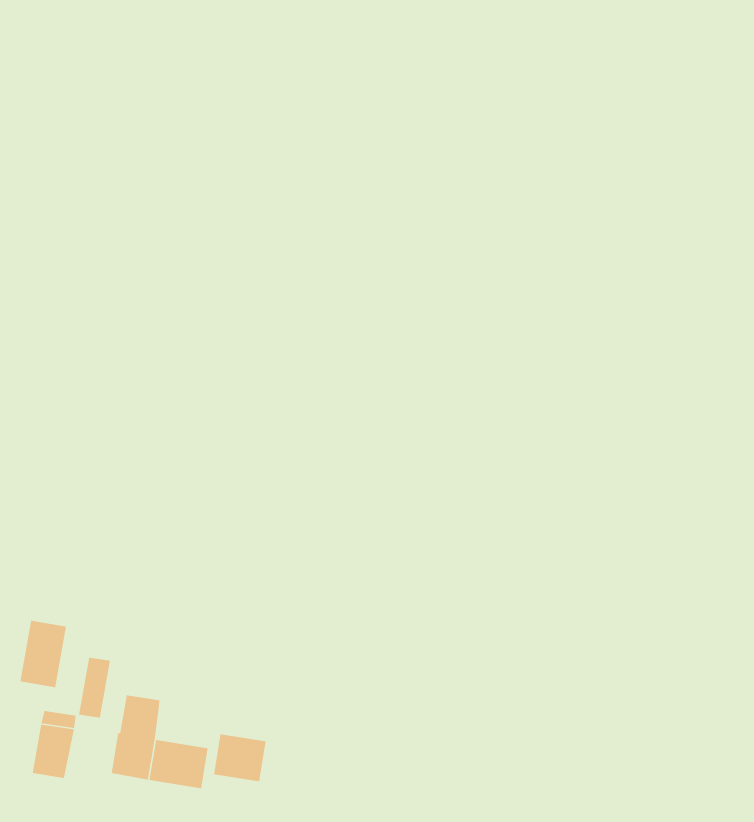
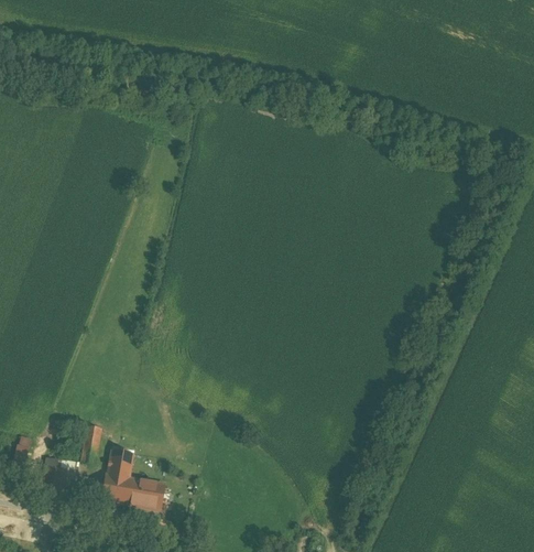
building: [19,620,67,688] -> none
building: [213,733,267,782] -> none

